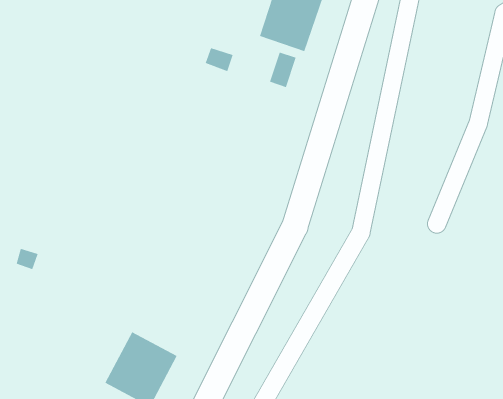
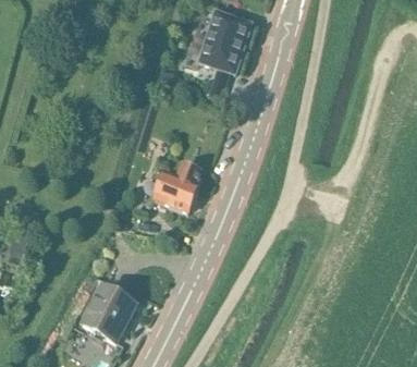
building: none -> [152,160,203,211]

